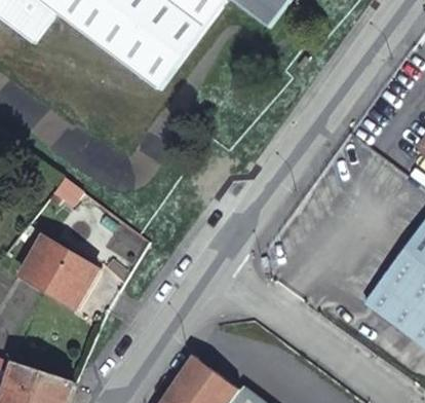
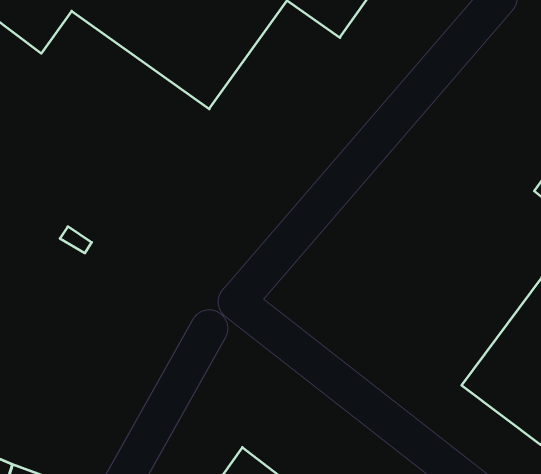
building: [20,236,96,303] -> none

